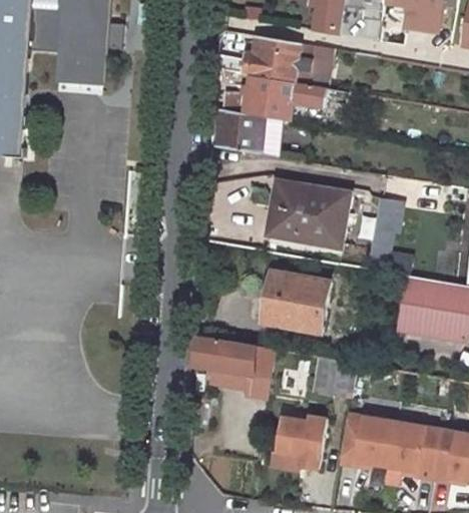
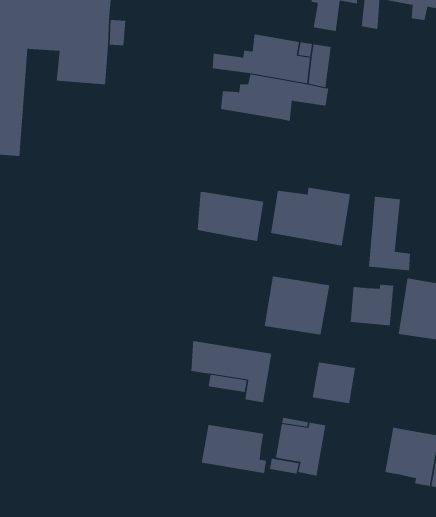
building: [215,110,282,159] -> [197,191,264,241]
building: none -> [350,284,394,326]
building: [338,415,391,467] -> none
building: none -> [201,424,266,474]

